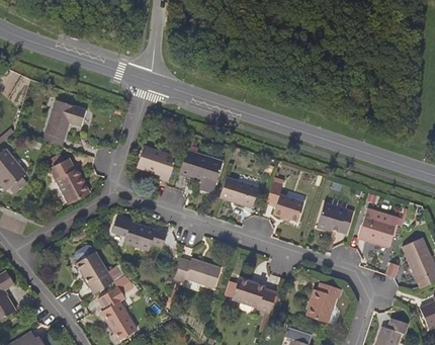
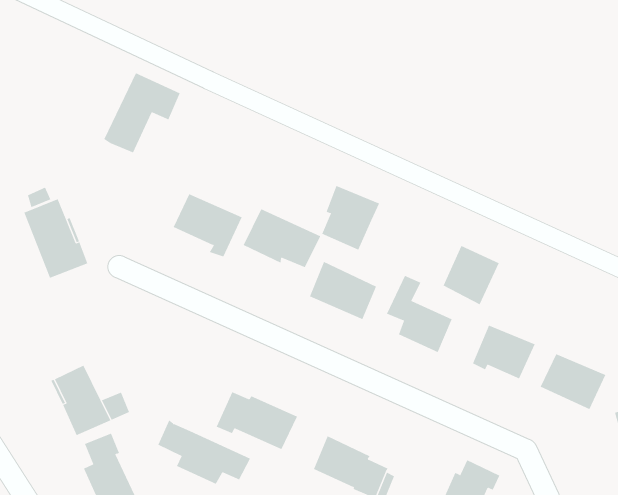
building: [42,99,84,146] -> [104,72,181,153]
building: none -> [321,185,380,250]
building: none -> [443,245,500,305]
building: [111,217,166,251] -> [157,420,251,485]

